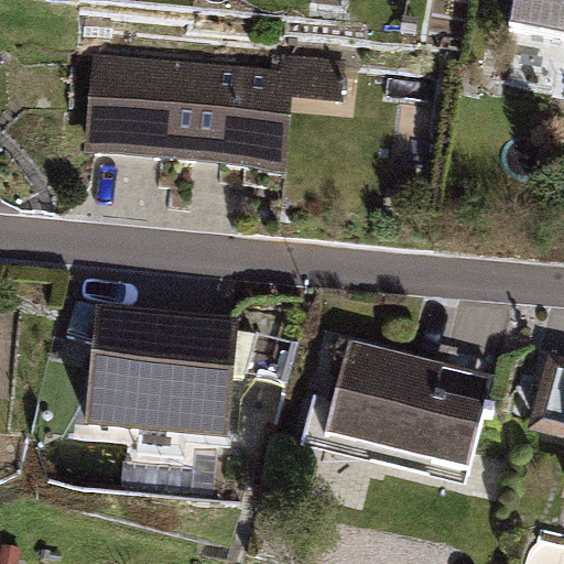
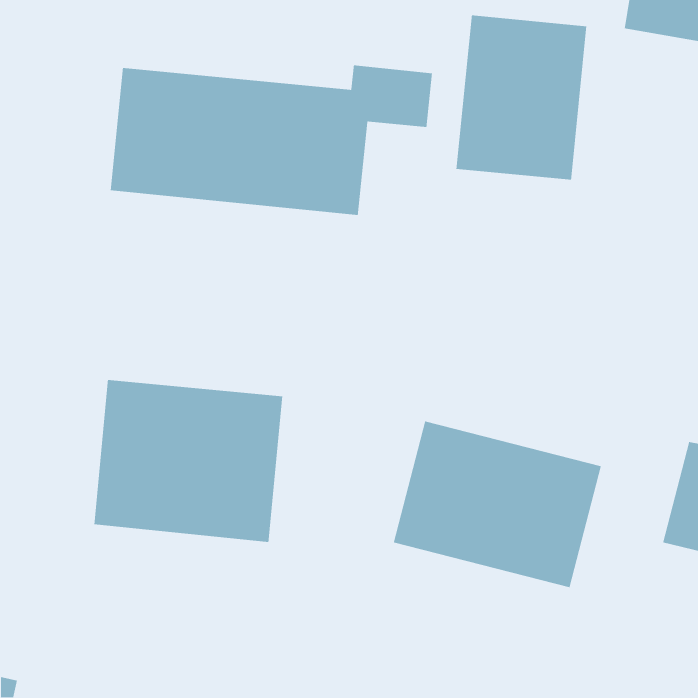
building: none -> [456,14,587,181]

